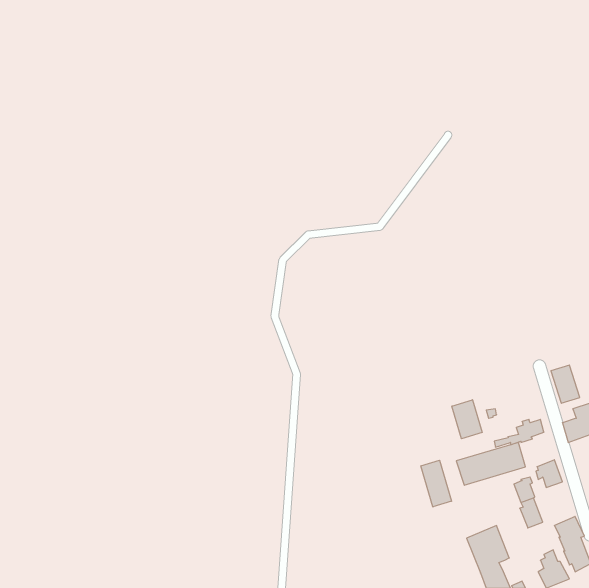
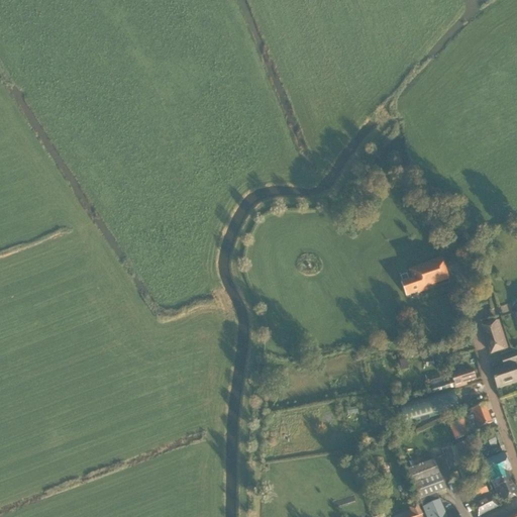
building: none -> [402,256,449,294]
building: [452,400,482,439] -> none
building: [421,460,452,507] -> none

